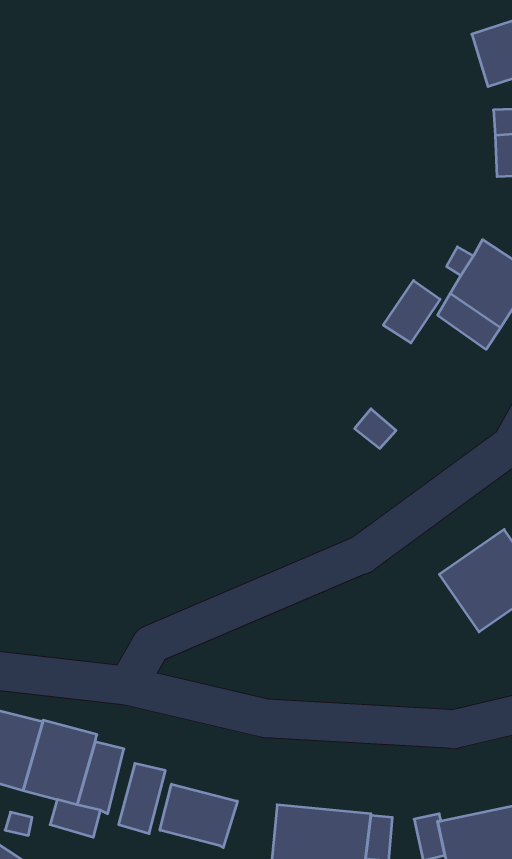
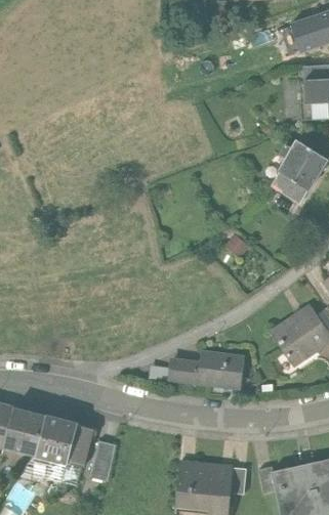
building: [383,280,440,343] -> none
building: none -> [170,350,244,388]
building: [160,784,237,848] -> none

